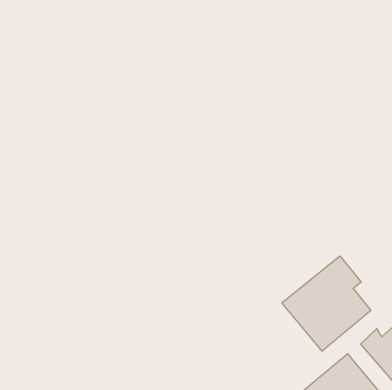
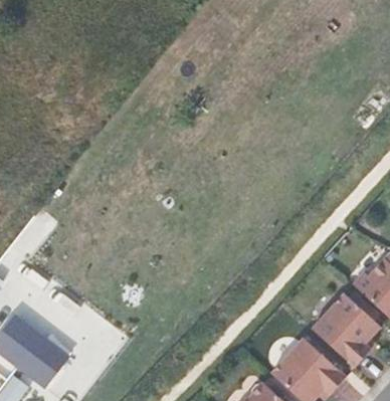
building: [282,256,371,351] -> none

